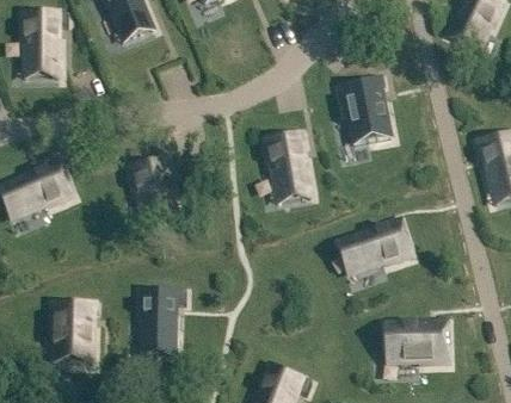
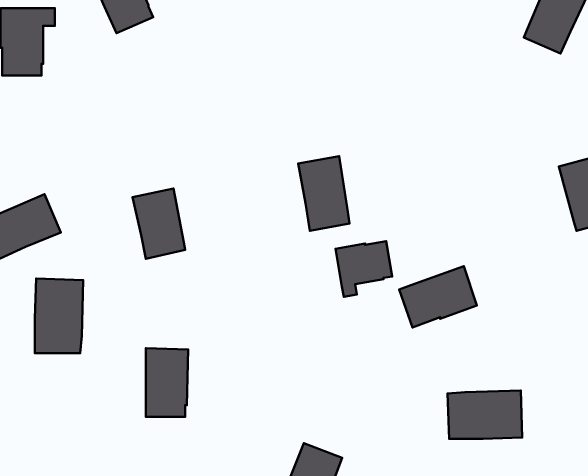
building: [341,79,390,144] -> none
building: none -> [335,241,392,297]
building: [54,302,93,362] -> [35,279,83,353]

